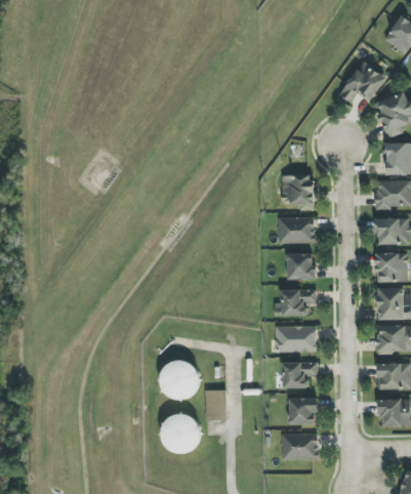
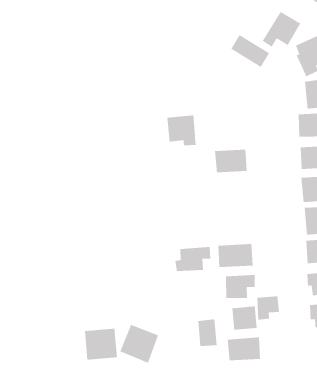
building: none -> [230,34,270,68]
building: [281,174,314,209] -> [167,115,197,146]
building: [286,253,315,280] -> none
building: [274,289,316,316] -> [175,246,211,271]
building: [161,362,198,397] -> [84,328,118,360]
building: none -> [257,295,279,321]
building: [205,389,227,420] -> [197,319,217,347]

